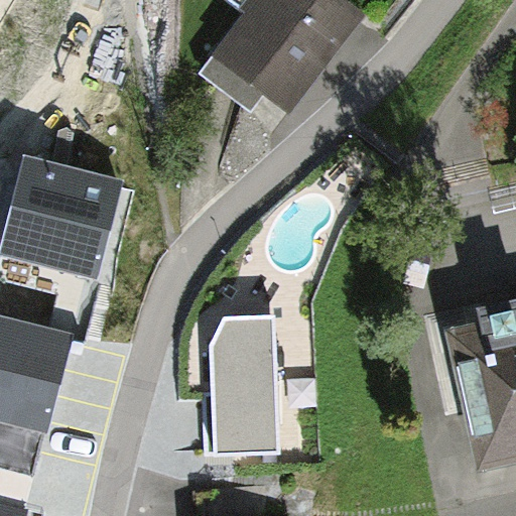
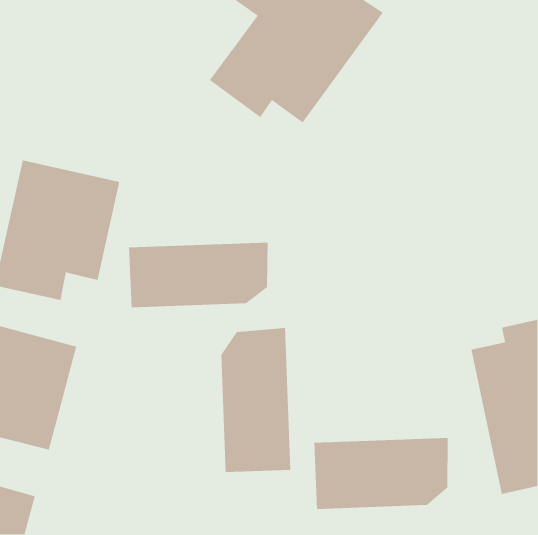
building: none -> [128,242,269,308]
building: none -> [313,437,449,510]

